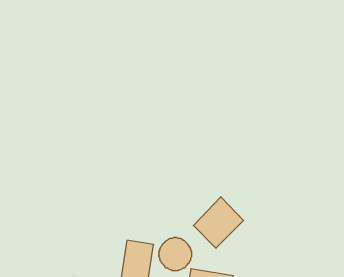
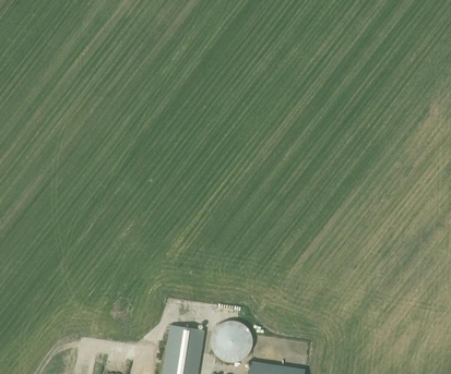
building: [193,197,244,248] -> none

